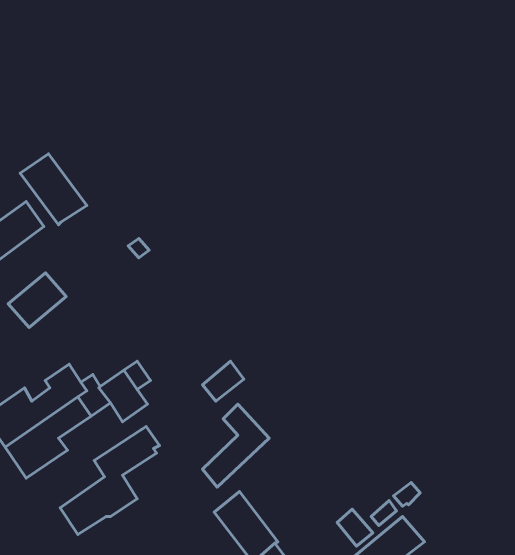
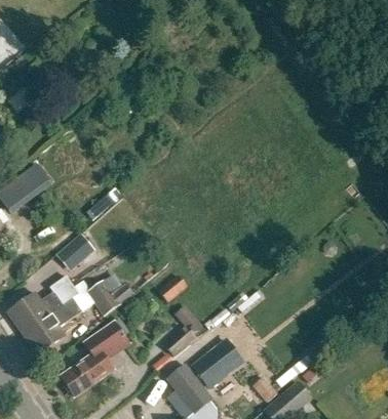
building: [20,154,87,225] -> none
building: [8,273,66,327] -> [54,235,94,273]
building: none -> [190,340,240,387]

